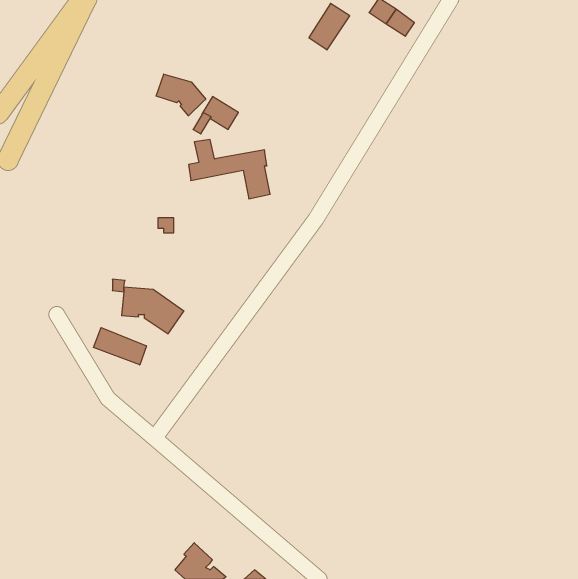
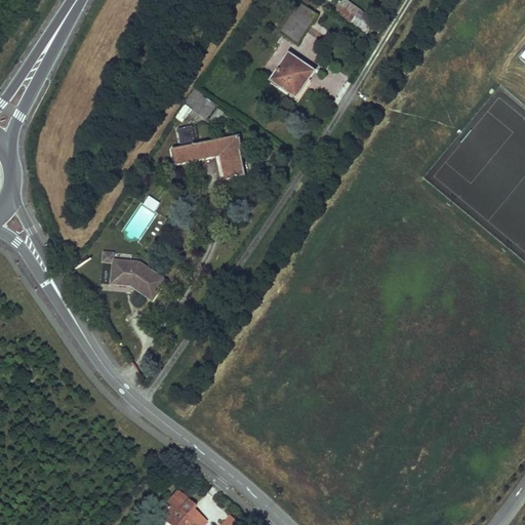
building: none -> [270,53,313,98]
building: [156,74,206,116] -> none
building: [93,328,146,365] -> none

